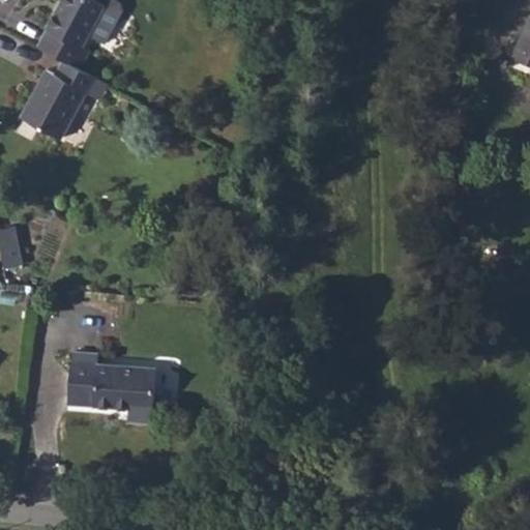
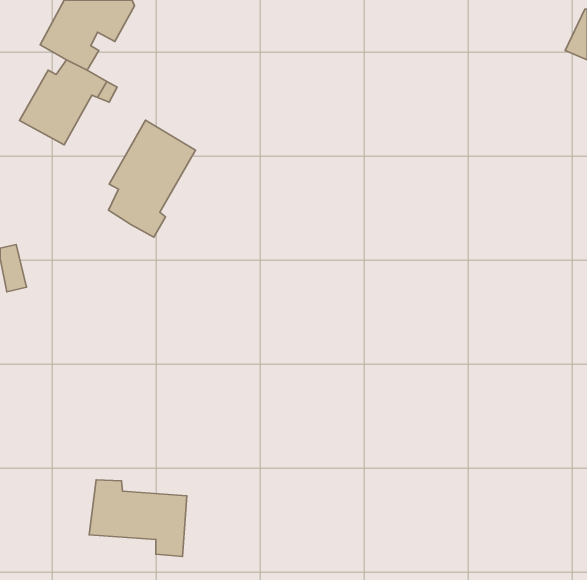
building: none -> [109,120,196,237]
building: [71,355,159,424] -> [89,480,187,557]

